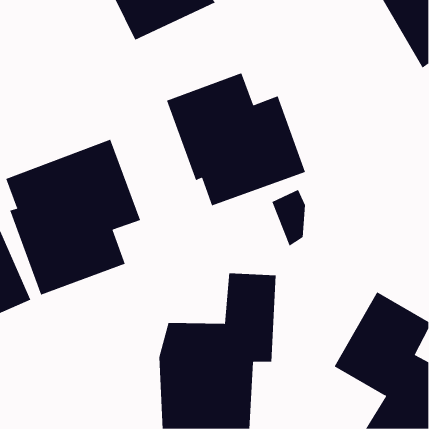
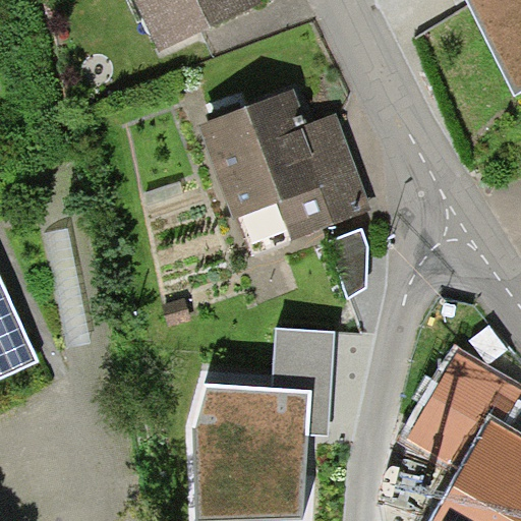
building: [6,139,141,295] -> none

